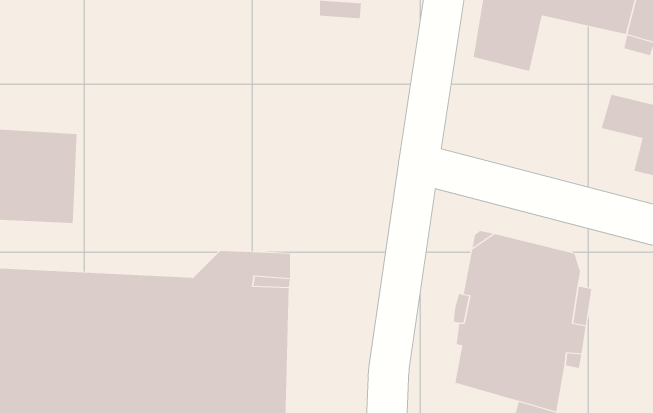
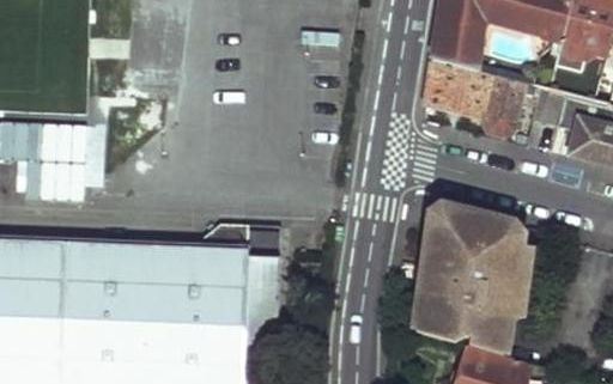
building: none -> [425,61,534,138]

